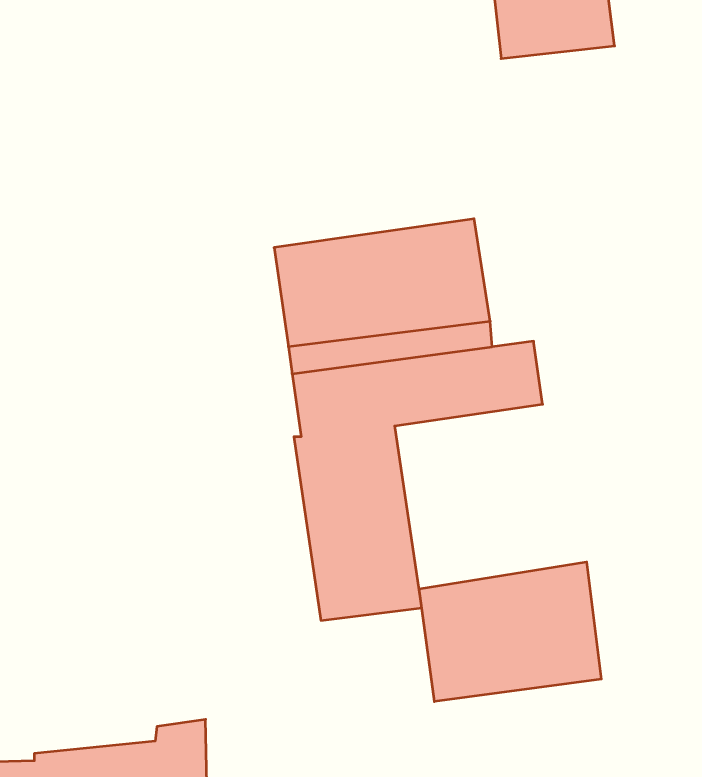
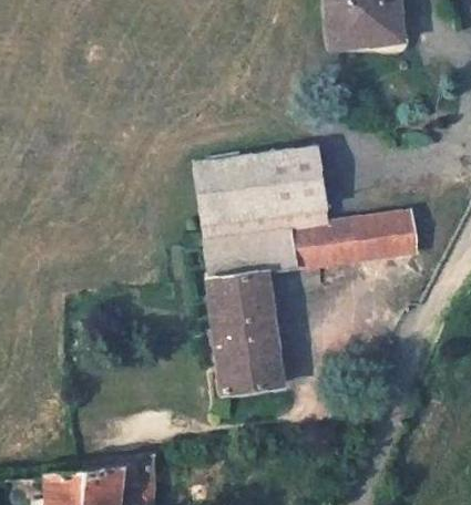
building: none -> [354,213,416,259]
building: [419,562,601,702] -> none

